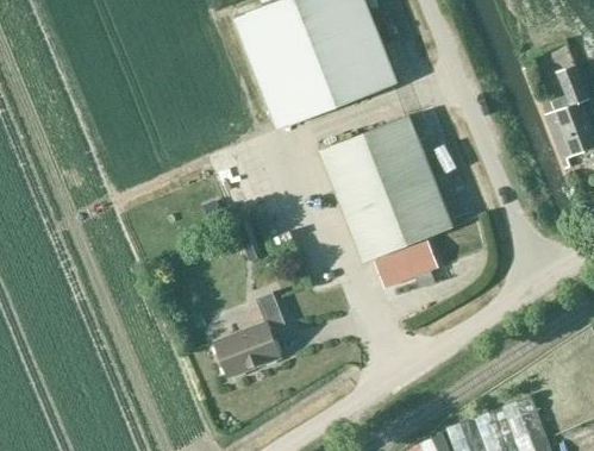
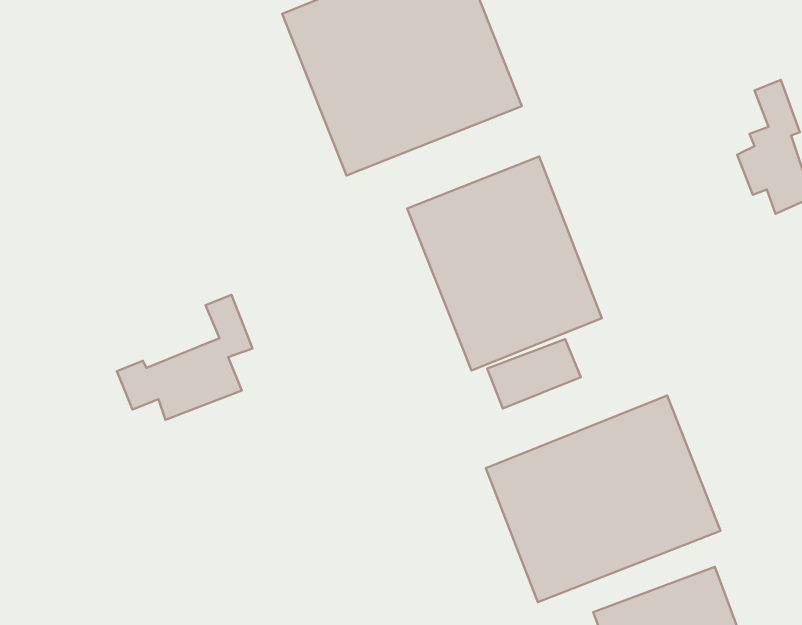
building: none -> [486,395,721,602]
building: [194,293,287,378] -> [117,295,252,420]

